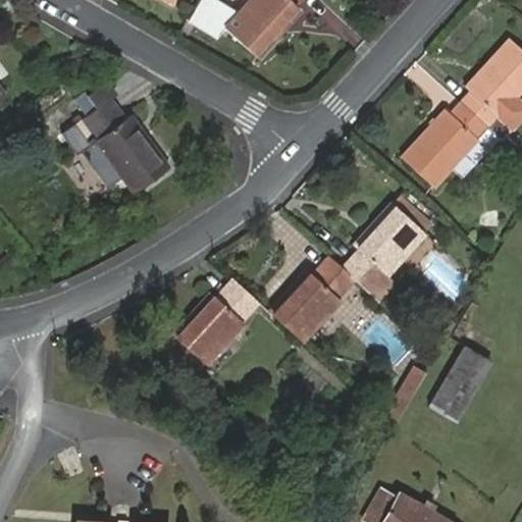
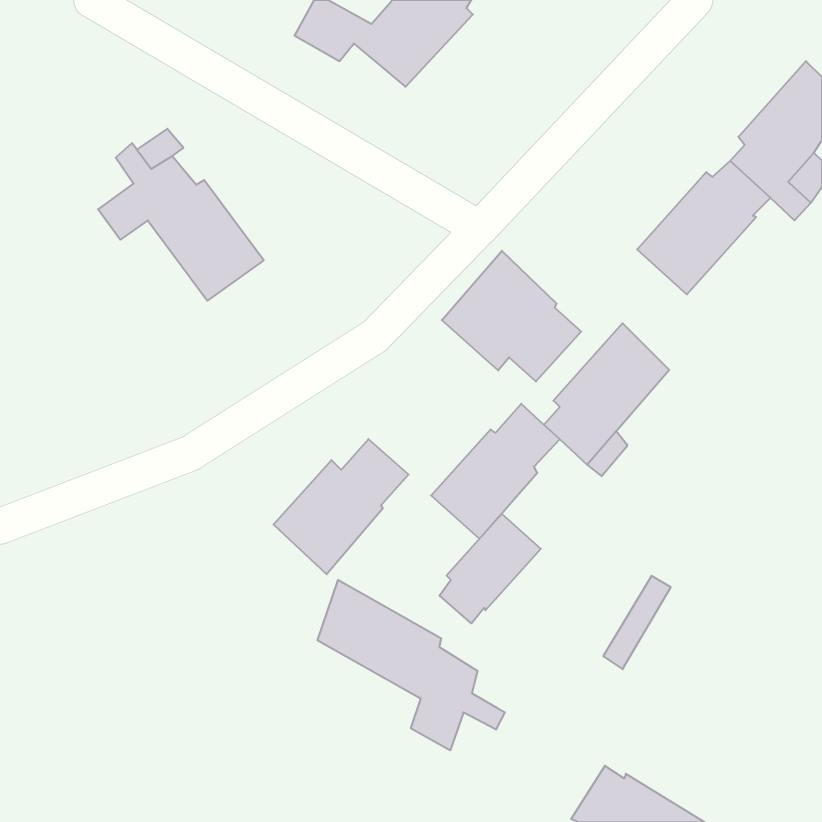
building: none -> [442,251,581,382]
building: none -> [439,514,541,623]
building: [430,349,490,421] -> none
building: none -> [318,580,505,750]

